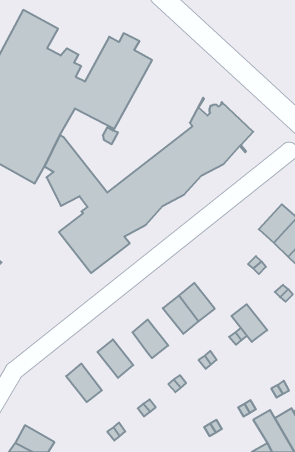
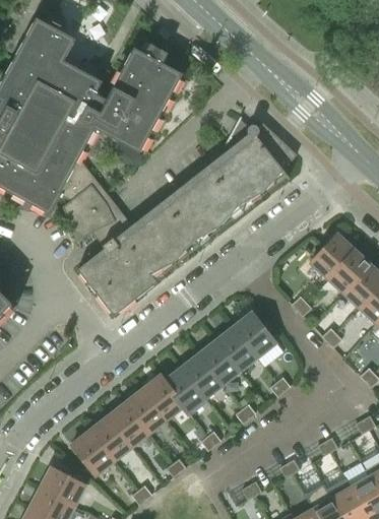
building: [231,304,267,342] -> [231,314,271,356]
building: none -> [178,355,218,398]
building: none -> [138,378,179,420]
building: none -> [103,405,144,449]
building: none -> [68,433,109,476]
building: none -> [39,469,83,508]

